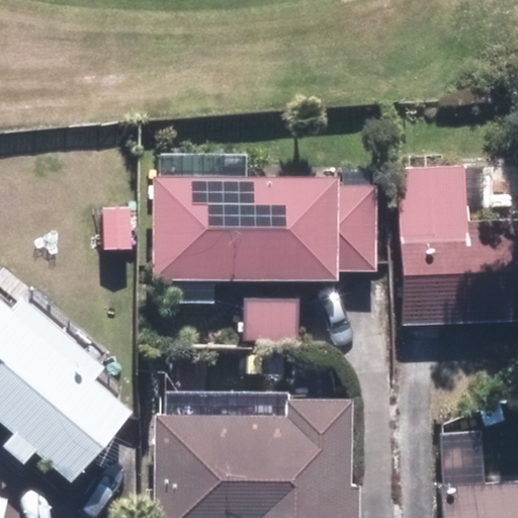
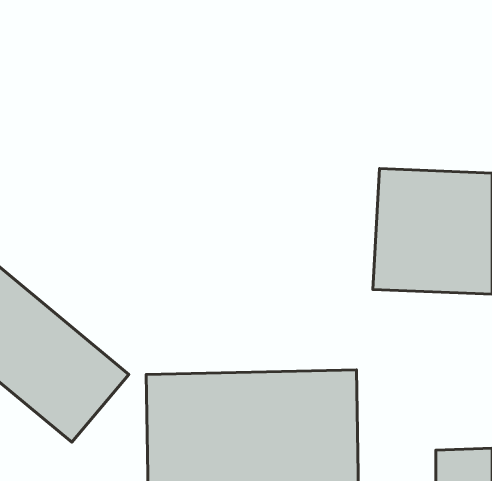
building: [158,179,375,272] -> none

